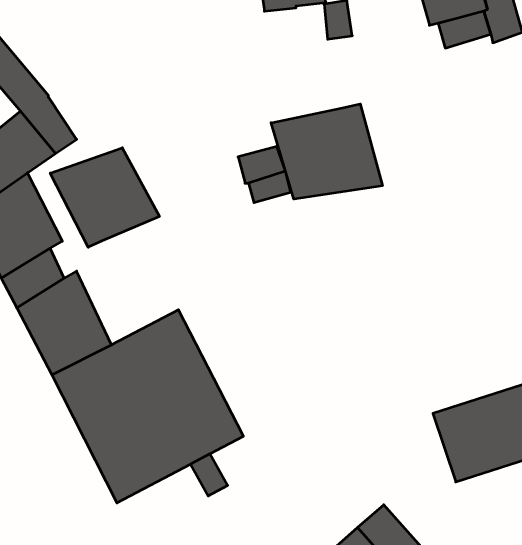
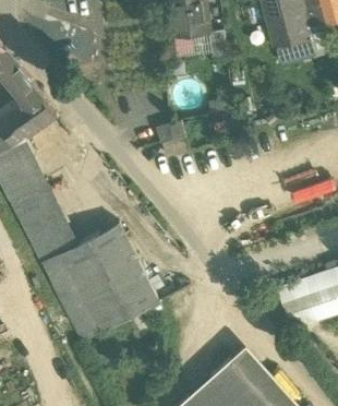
building: [271,104,382,199] -> none
building: [50,148,159,247] -> none

